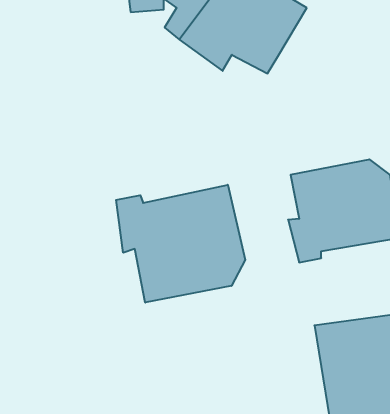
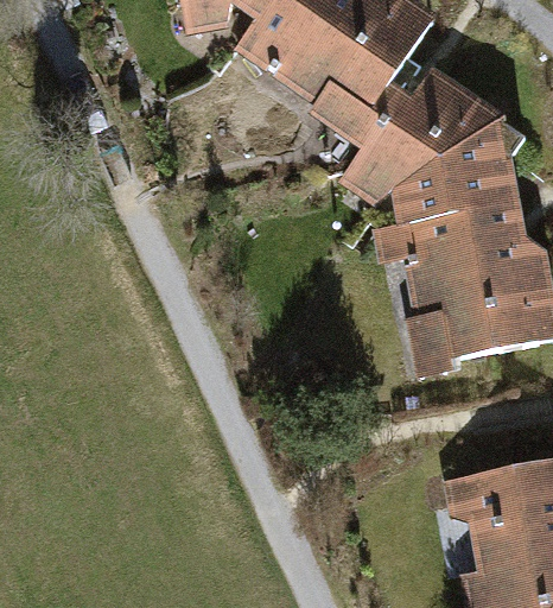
building: none -> [316,76,521,259]
building: [116,185,245,303] -> none

